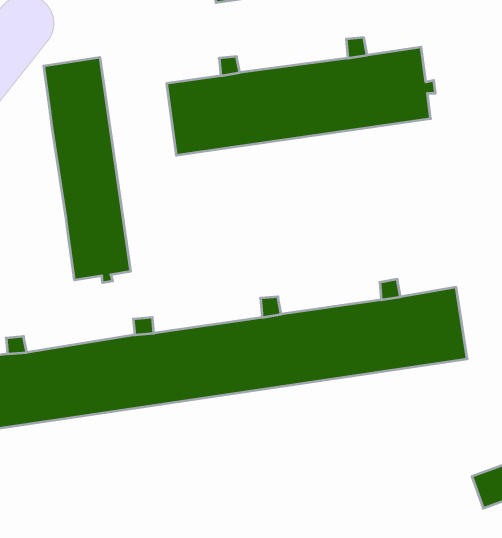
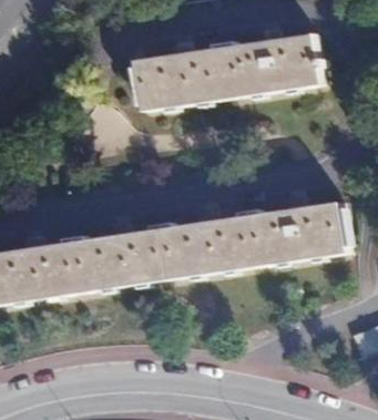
building: [44,57,131,283] -> none

